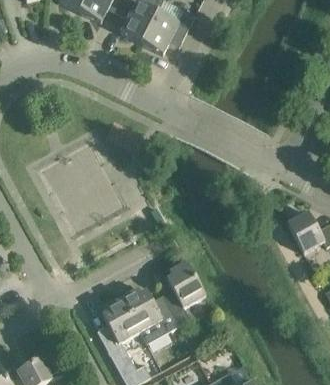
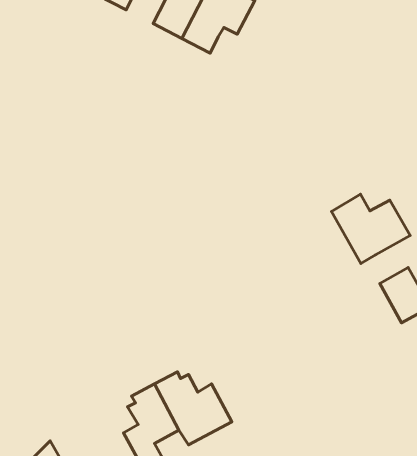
building: none -> [331,194,410,263]
building: [164,262,205,326] -> none

